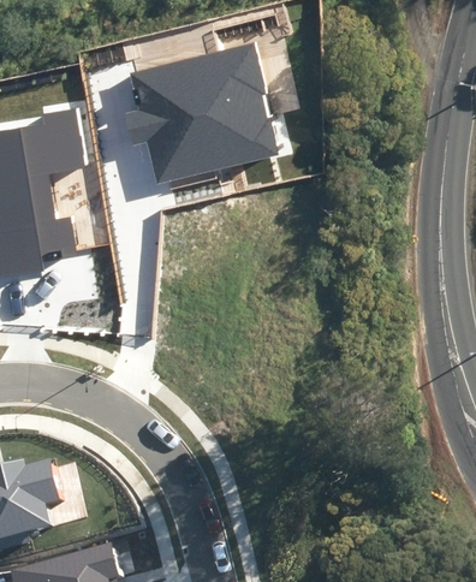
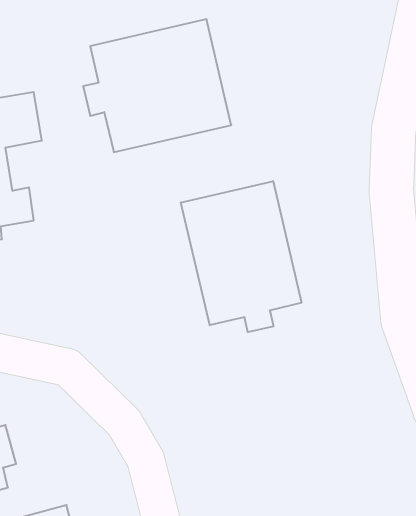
building: none -> [181,181,301,332]

